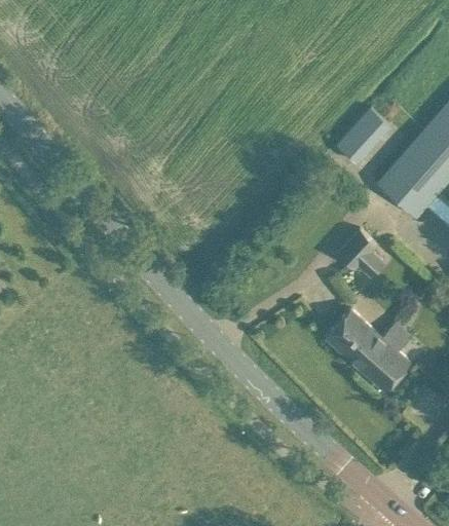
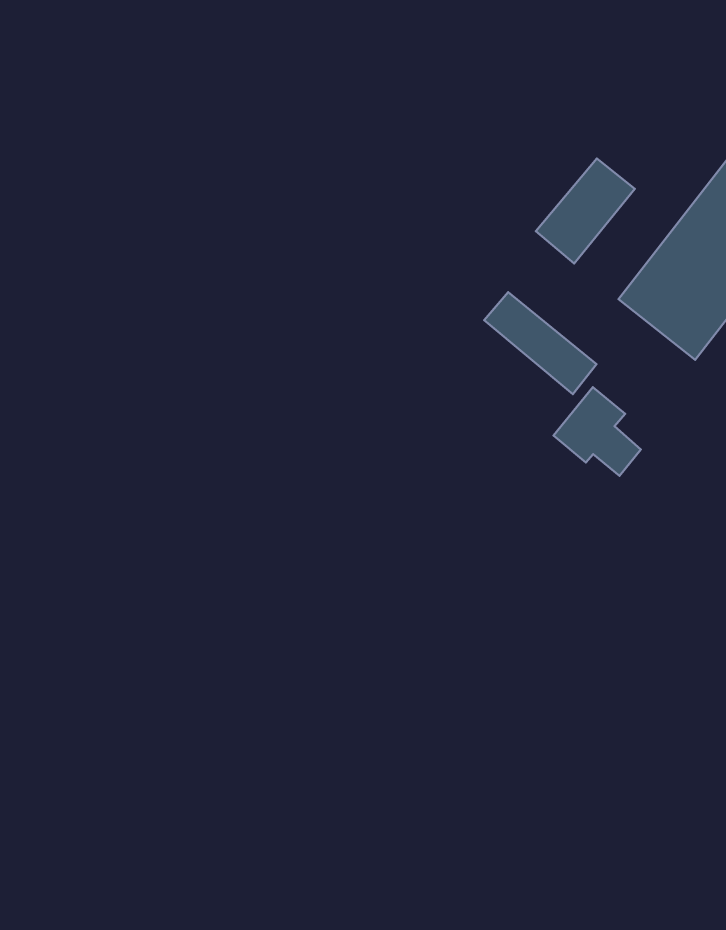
building: none -> [484,292,597,394]
building: [326,310,411,390] -> none

